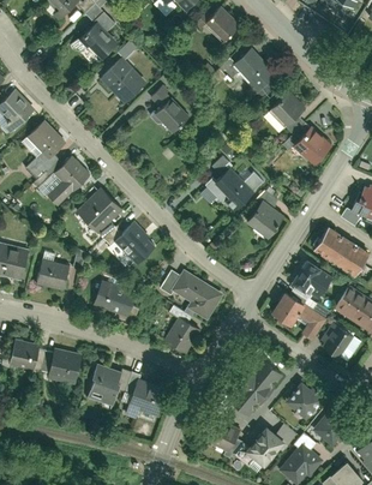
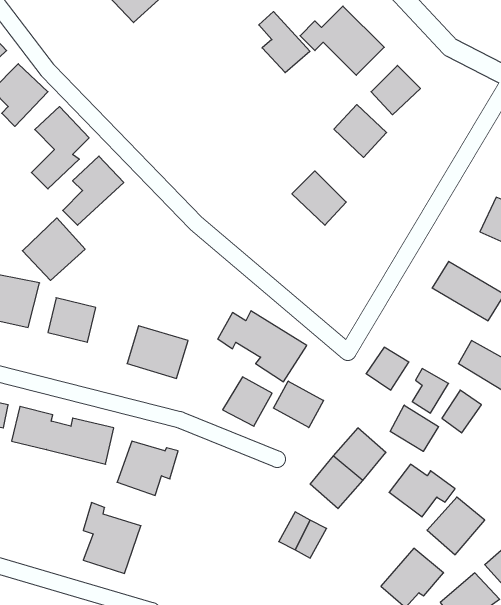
building: [101,58,146,103] -> none
building: [151,86,188,131] -> [259,12,310,73]
building: [295,125,334,163] -> [334,105,387,157]
building: [77,187,122,233] -> [22,218,85,280]
building: [247,199,284,236] -> none
building: [113,221,155,265] -> none
building: [289,262,331,298] -> none
building: none -> [273,381,324,428]
building: none -> [390,405,439,451]
building: [125,371,167,423] -> [83,503,141,573]
building: [242,425,284,465] -> none

